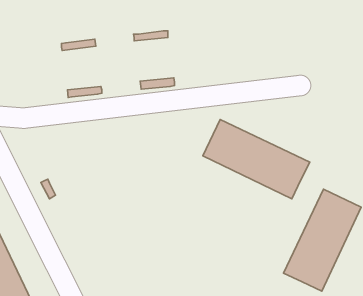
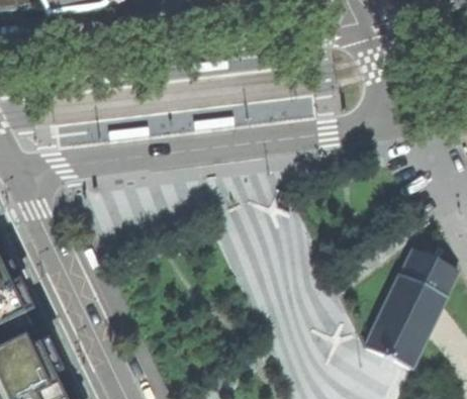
building: [203,119,310,199] -> none

